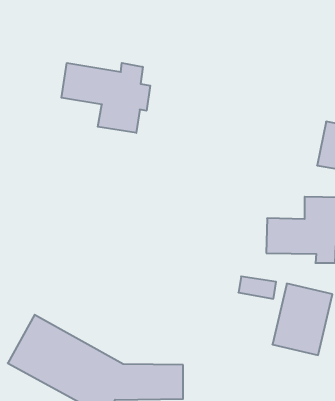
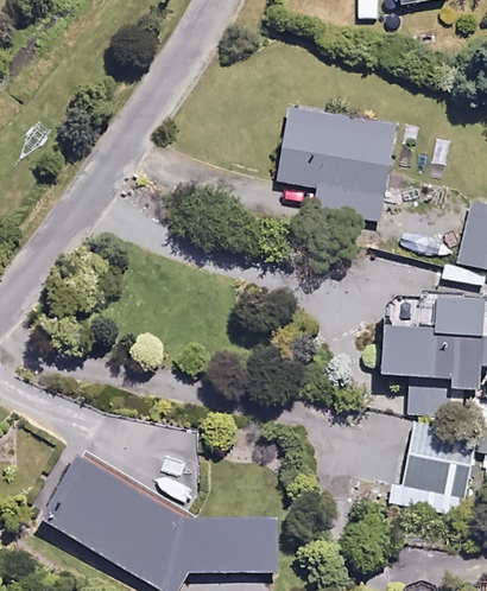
building: none -> [278,107,394,217]
building: [61,63,150,133] -> none

